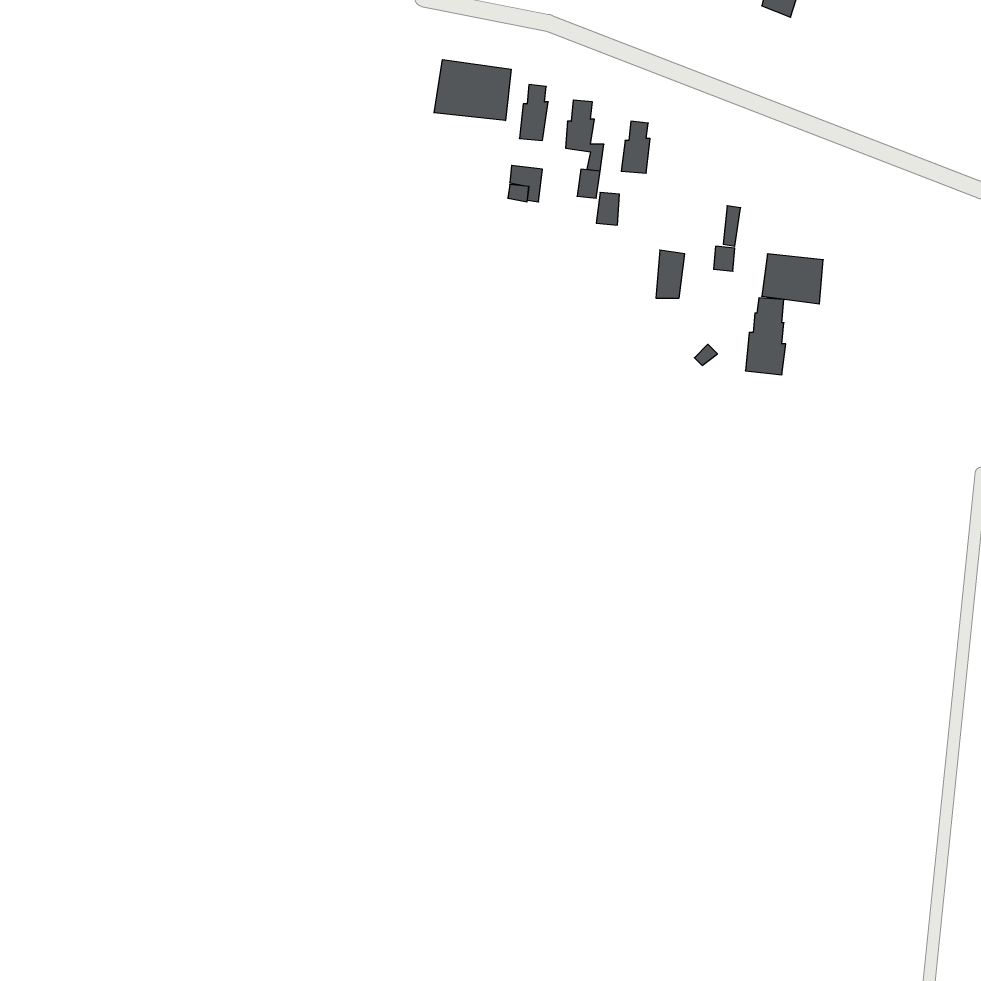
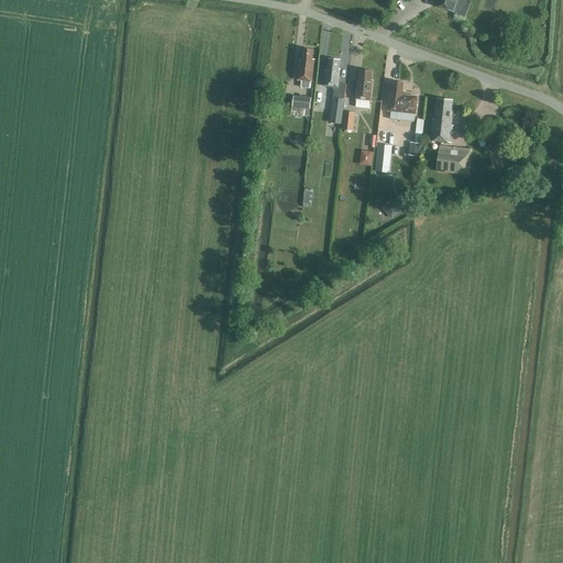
building: [434,60,511,121] -> none
building: none -> [387,80,417,113]
building: [745,298,786,375] -> [429,98,452,142]

